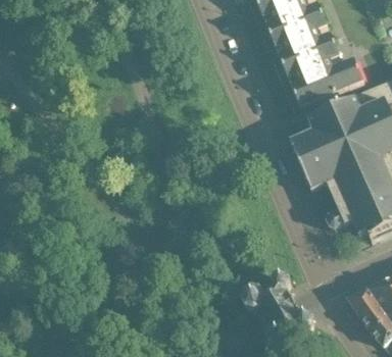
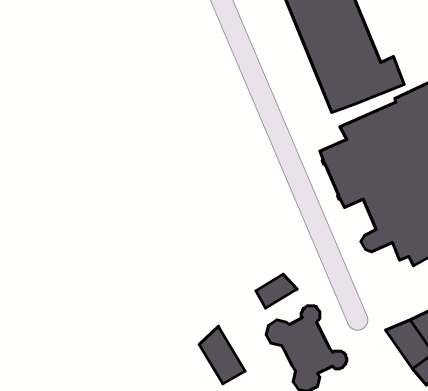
building: none -> [256,274,297,308]
building: none -> [199,326,245,384]

